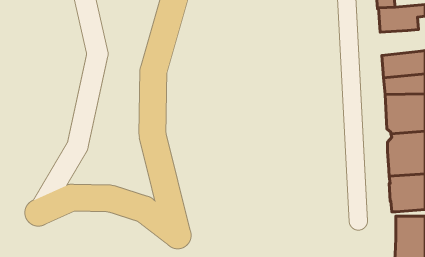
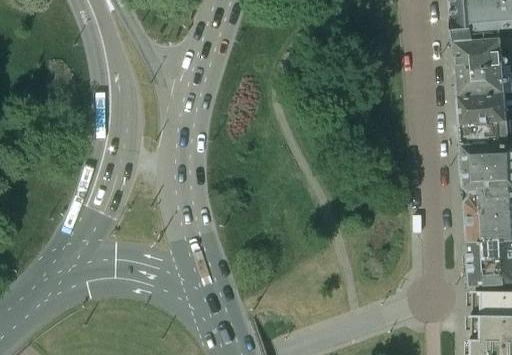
building: none -> [456,68,505,99]

